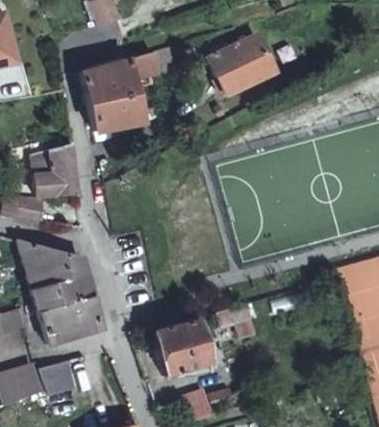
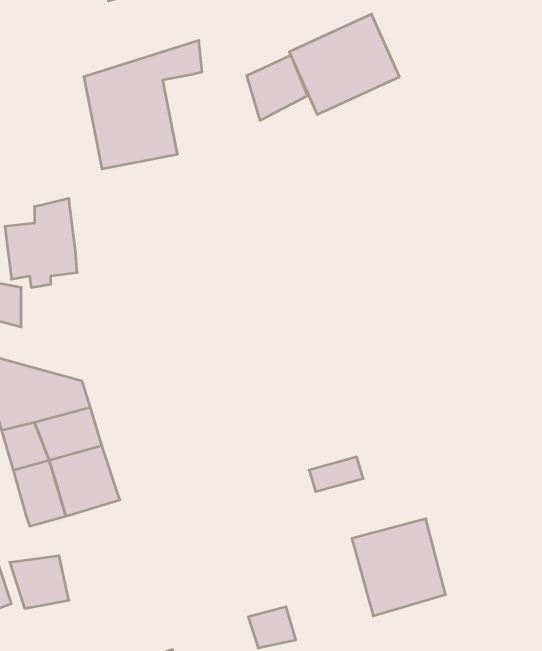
building: none -> [247,55,308,120]
building: [152,315,209,374] -> [352,519,446,616]

